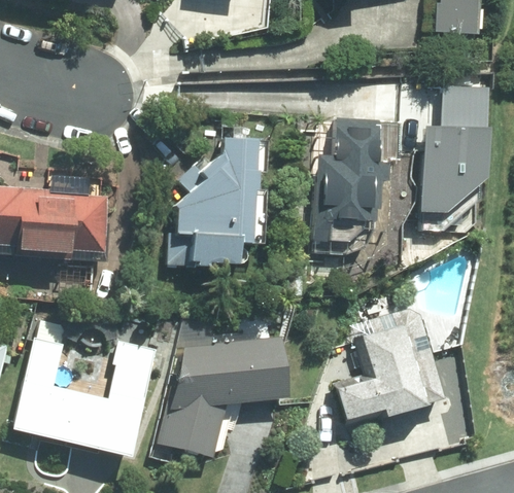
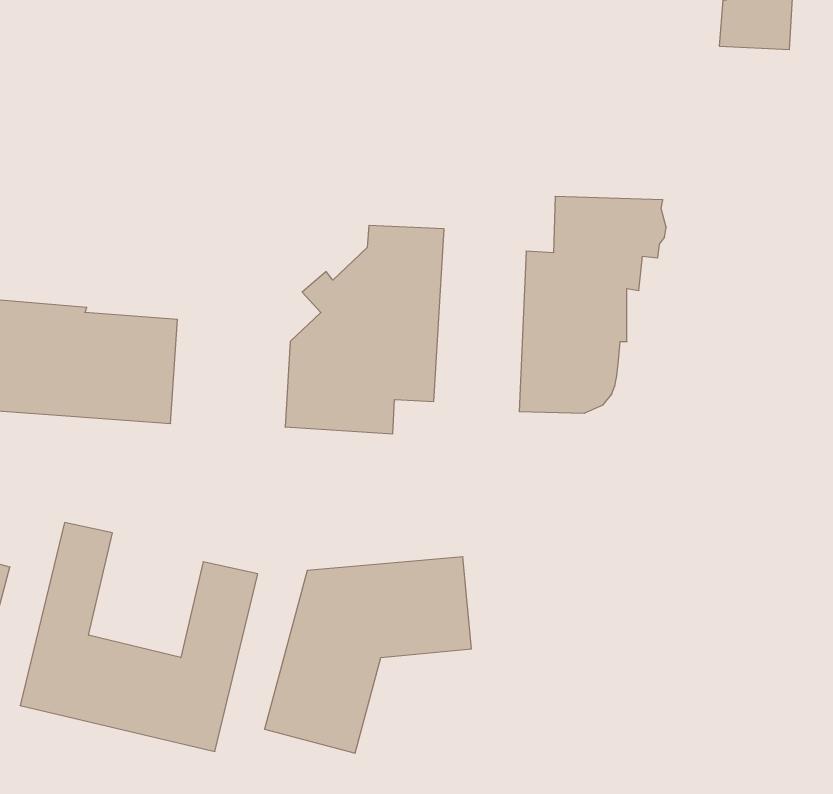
building: [424,86,483,225] -> none
building: [335,321,441,426] -> none

